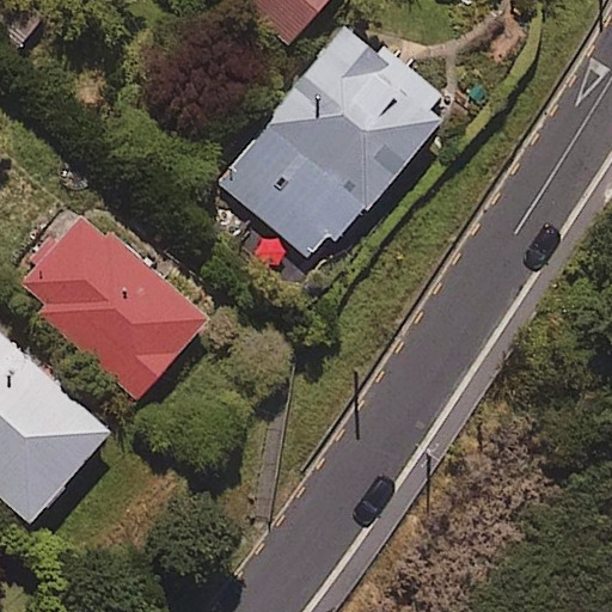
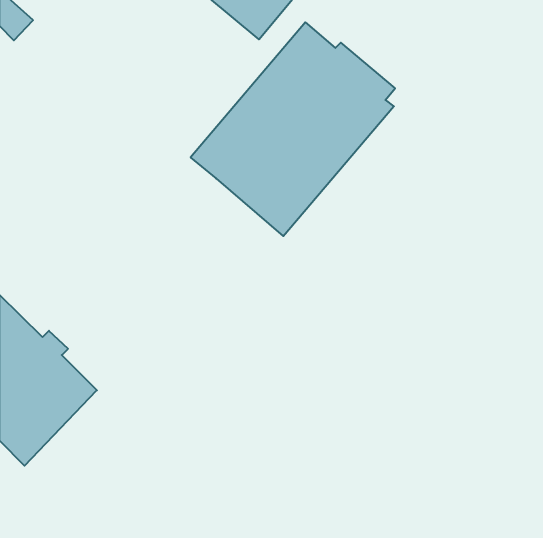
building: [19,208,208,400] -> none

